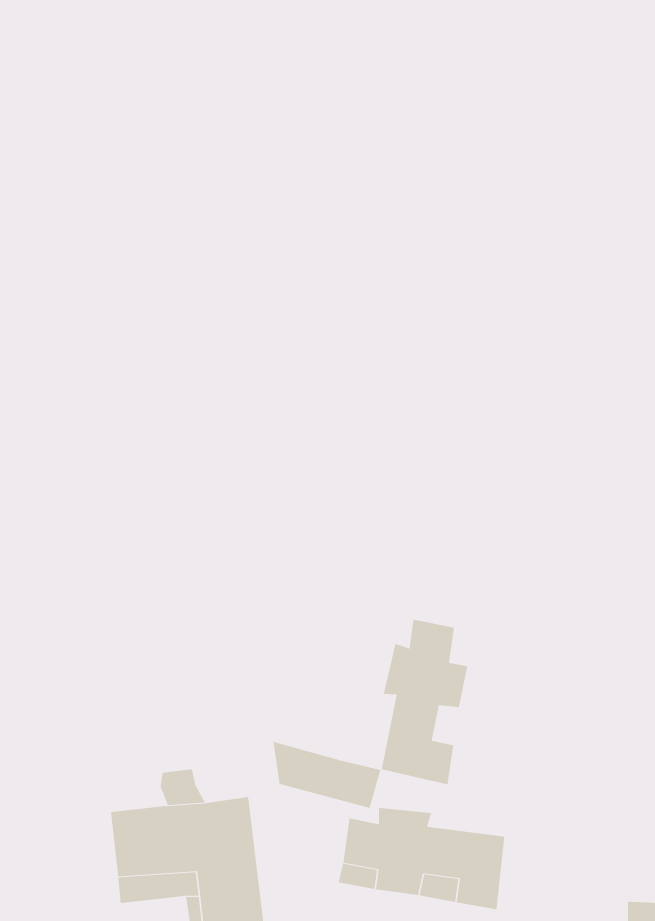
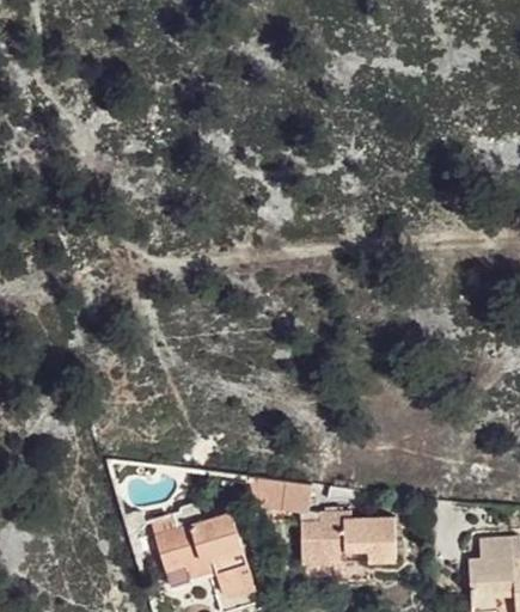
building: [381,619,468,785] -> none

